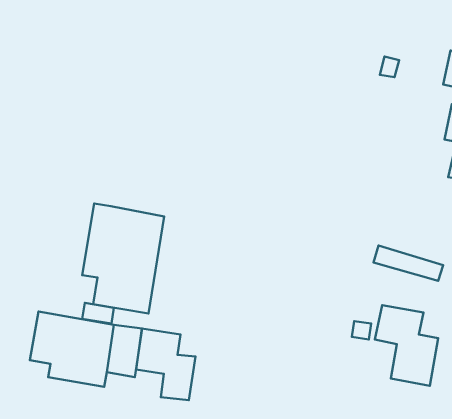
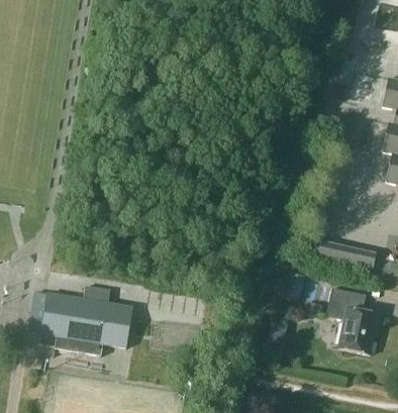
building: [82,203,164,313] -> none
building: [136,329,196,400] -> none

